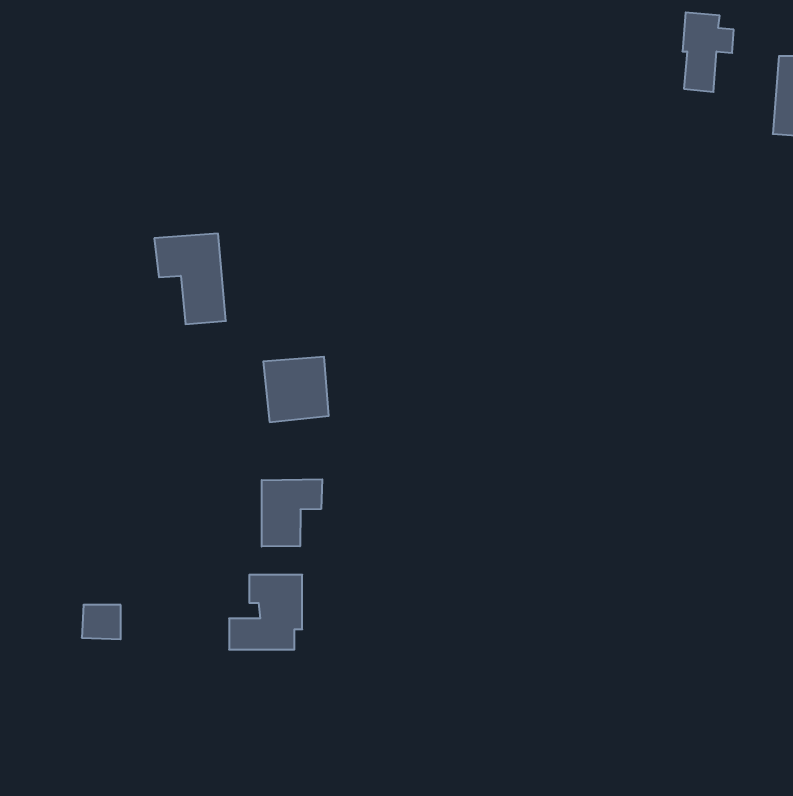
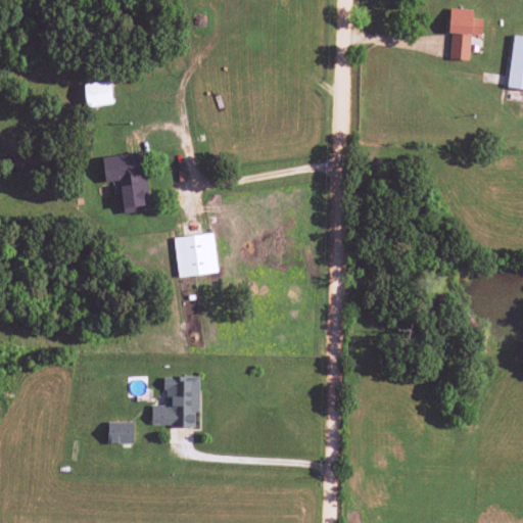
building: none -> [85,81,114,107]
building: [262,479,322,547] -> none
building: [82,605,121,639] -> [108,422,134,444]

